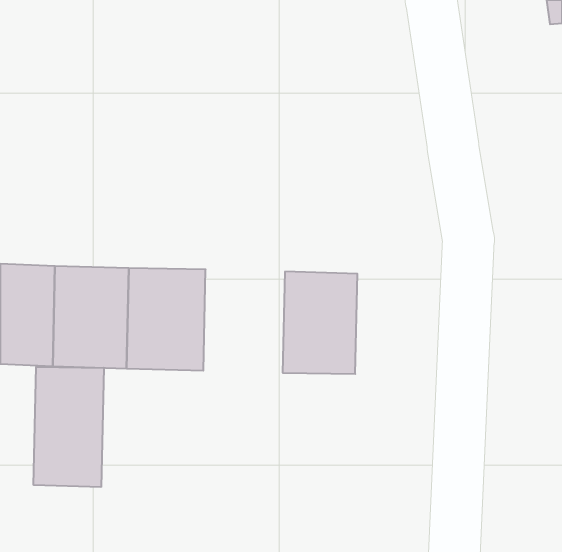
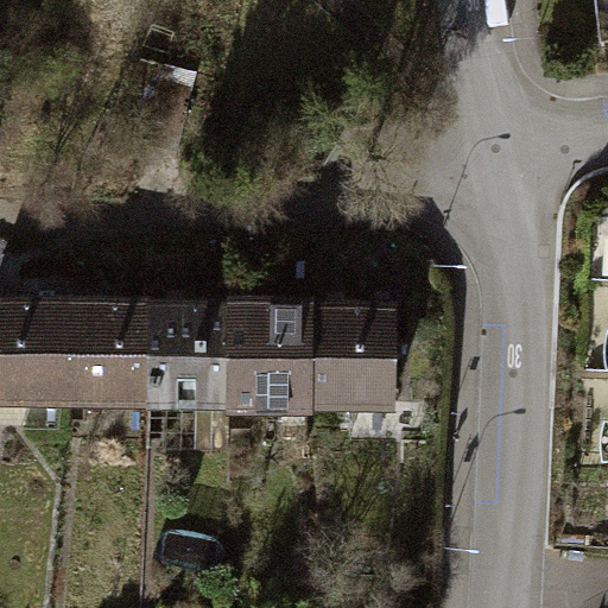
building: none -> [220,302,308,413]
building: [34,367,104,487] -> none

